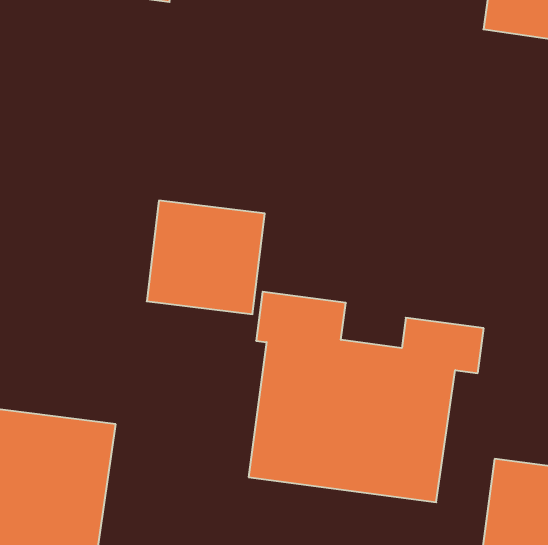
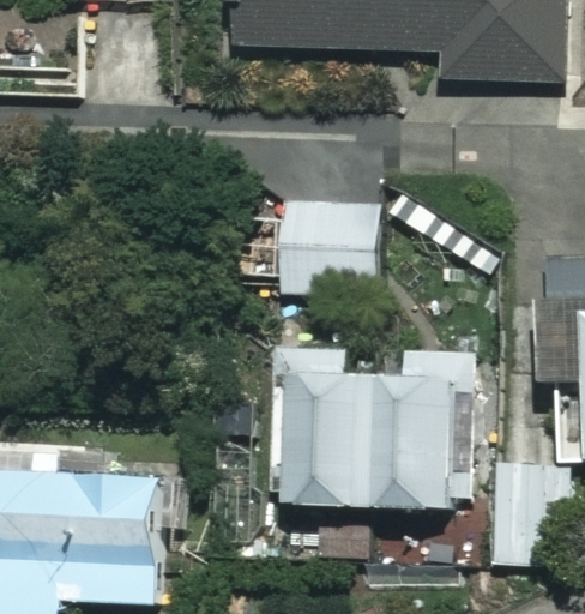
building: [147,201,265,314] -> [279,197,376,289]

